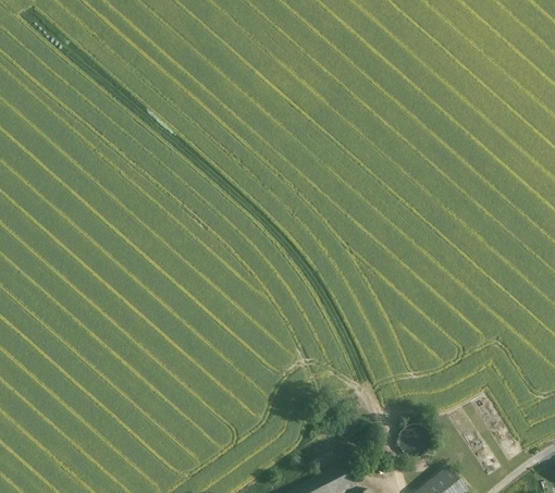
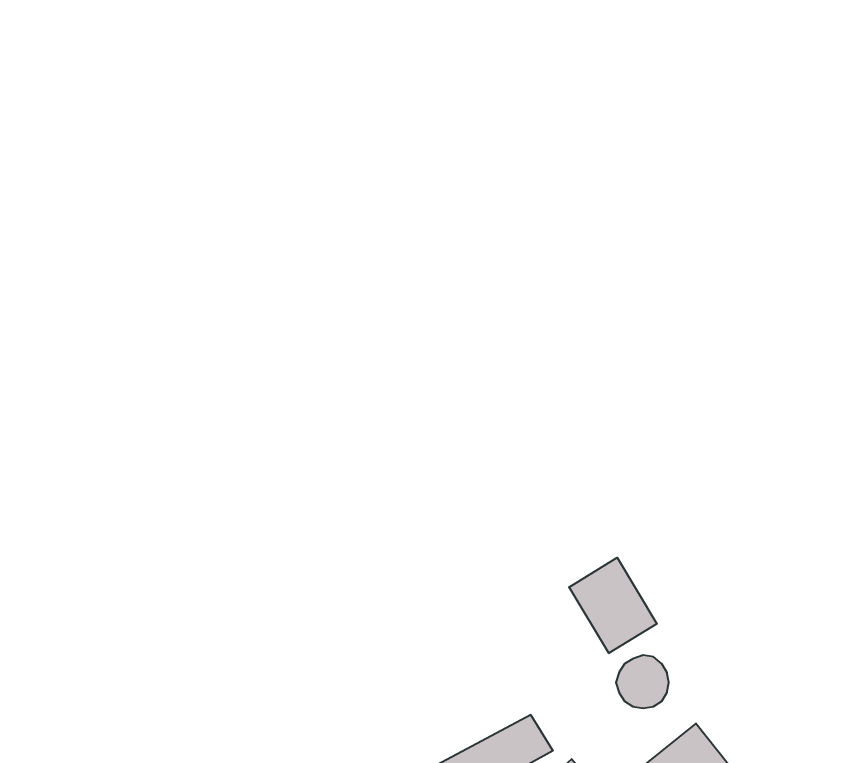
building: none -> [569,558,657,653]

